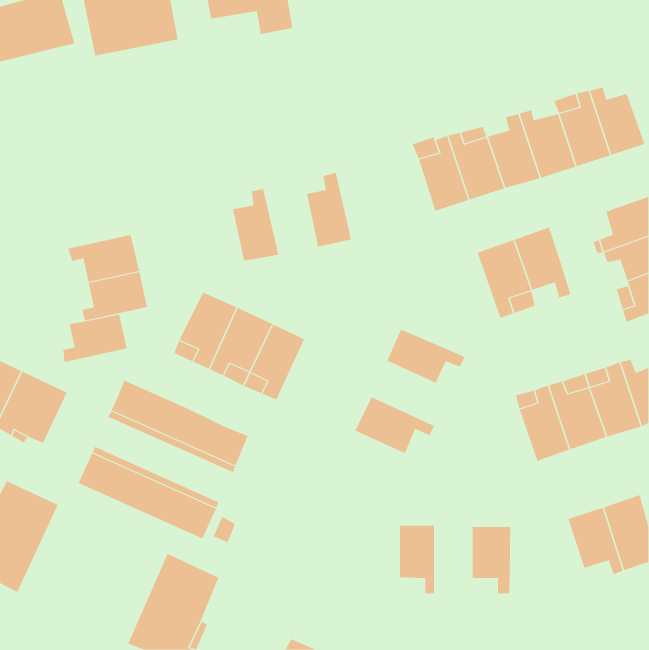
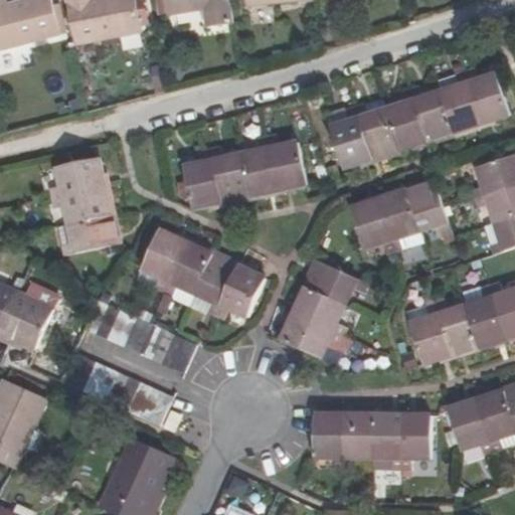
building: none -> [266,134,306,189]
building: none -> [208,147,250,201]
building: none -> [350,199,394,254]
building: [62,314,128,362] -> [52,158,104,196]
building: none -> [218,268,266,320]
building: none -> [293,285,347,336]
building: none -> [343,414,372,469]
building: none -> [402,415,432,470]

